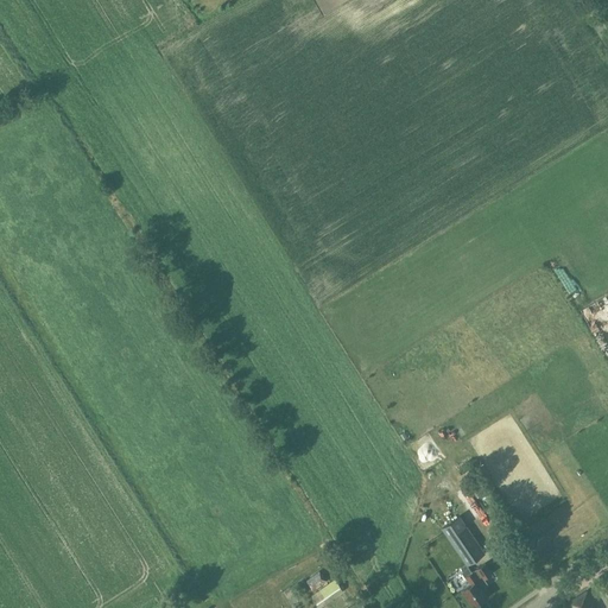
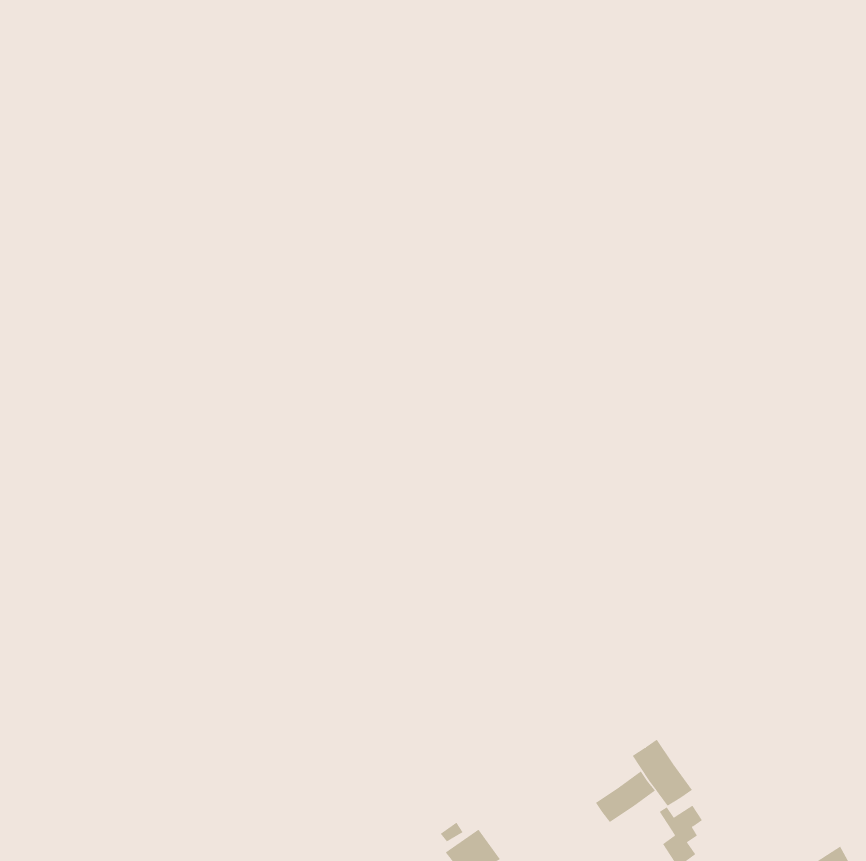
building: none -> [595,771,656,823]

